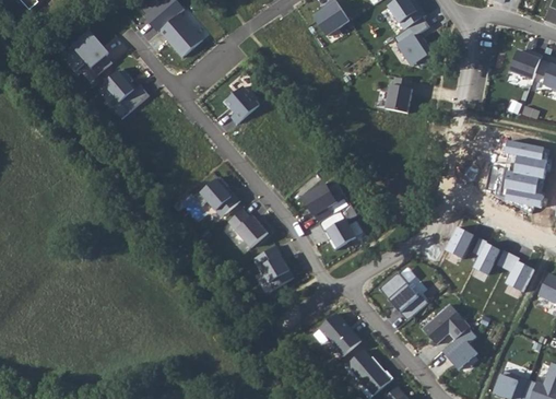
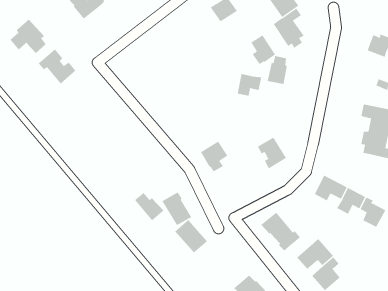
building: [158,13,202,57] -> none
building: none -> [250,35,276,65]
building: [225,86,259,124] -> none
building: none -> [237,73,262,97]
building: [194,176,240,216] -> none
building: [230,209,268,245] -> [134,192,164,221]
building: [319,210,356,250] -> [257,137,287,169]
building: [319,313,360,355] -> [174,219,208,253]

